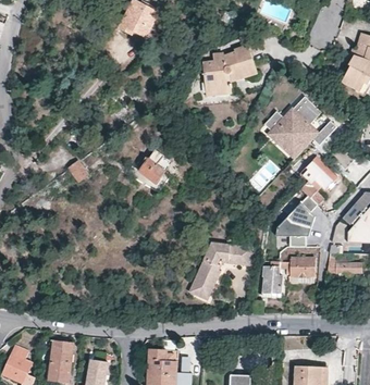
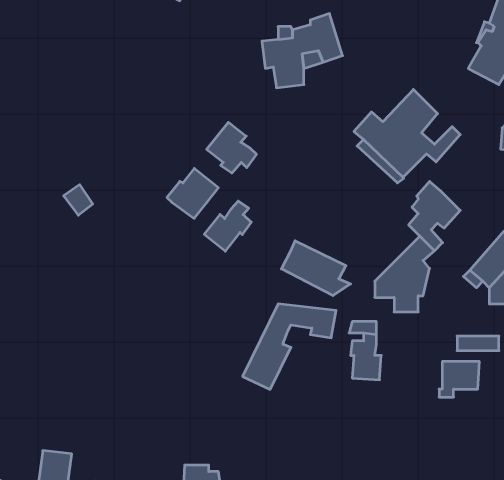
building: none -> [207,122,256,173]
building: none -> [204,201,251,251]
building: none -> [281,241,351,296]
building: [287,258,314,282] -> [439,362,479,397]

